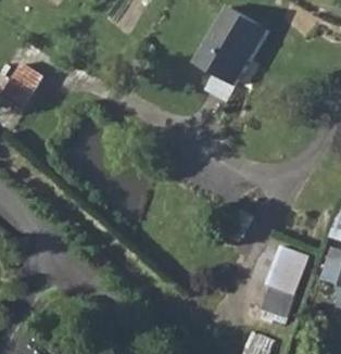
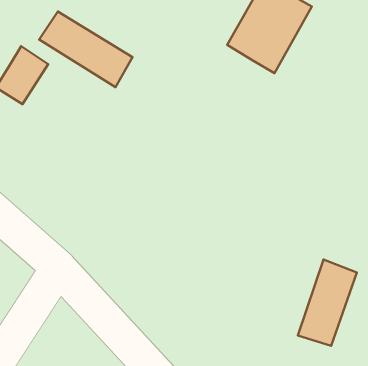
building: none -> [39,12,132,87]

